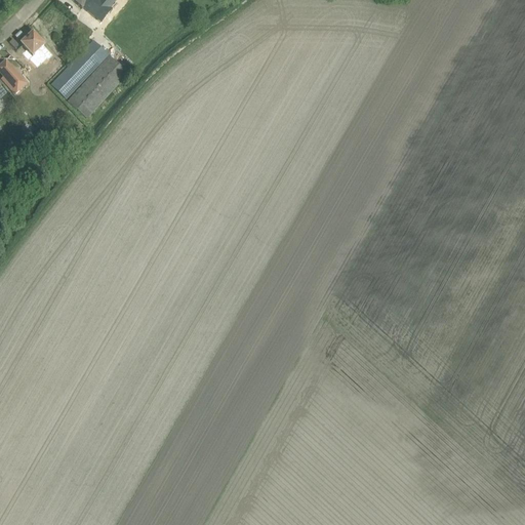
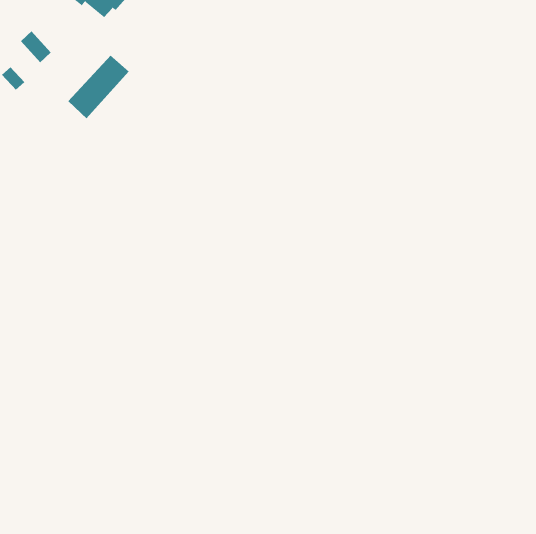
building: [49,38,106,96] -> none

